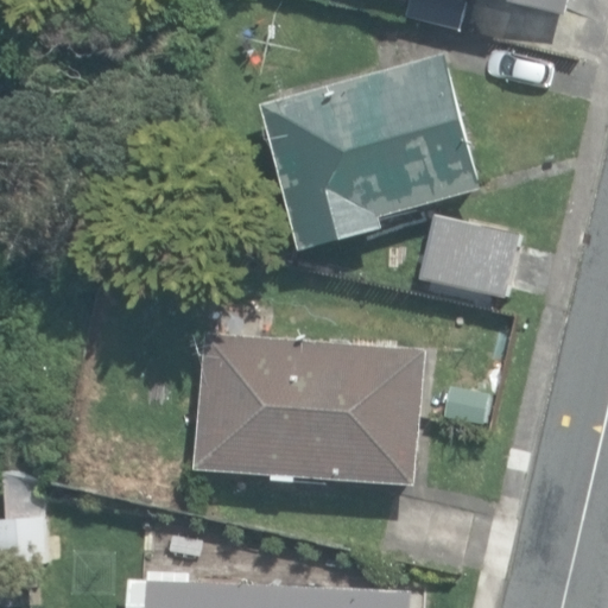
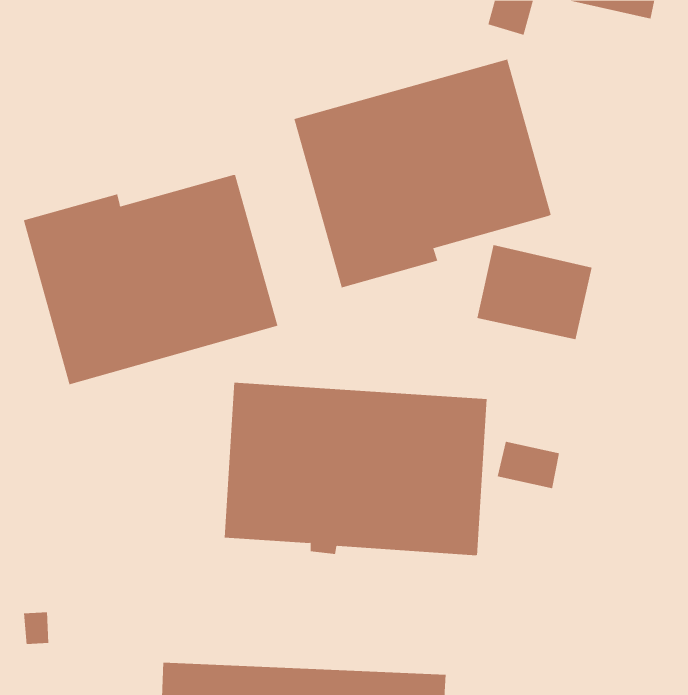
building: none -> [23,174,278,385]

